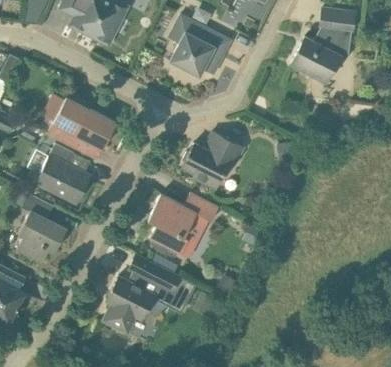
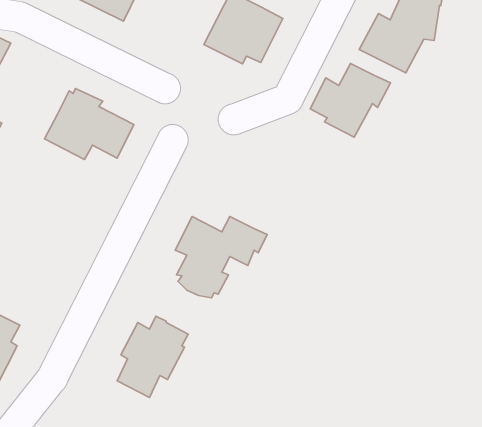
building: [182,132,244,189] -> [310,64,391,137]
building: [36,144,91,204] -> none
building: [17,193,67,263] -> none
building: [141,261,180,292] -> none

